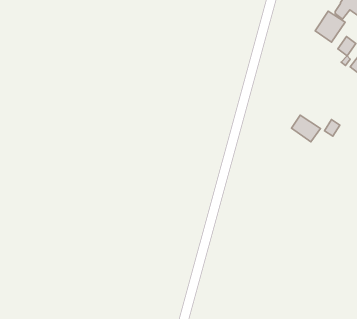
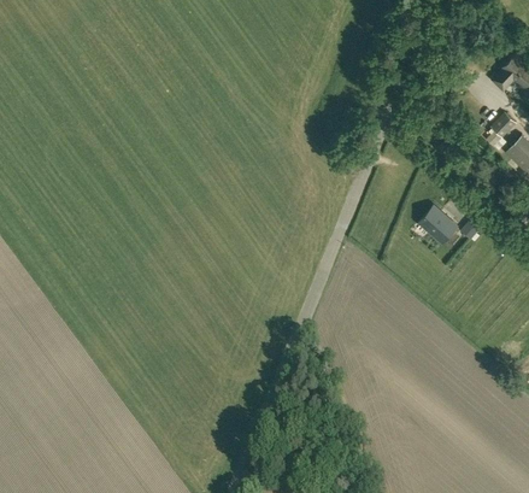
building: [315,11,345,42] -> none

